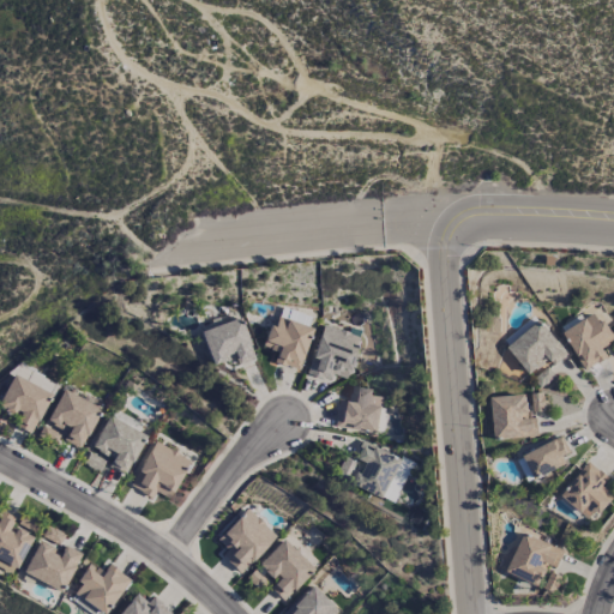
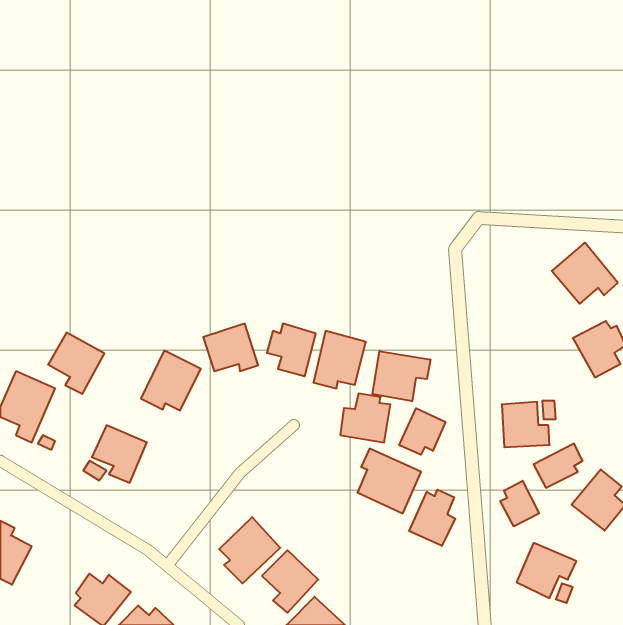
building: [505,313,570,373] -> [552,243,618,304]
building: none -> [372,351,430,401]
building: [47,387,102,447] -> [48,333,104,394]
building: none -> [399,408,445,455]
building: [132,439,191,498] -> [141,351,201,411]
building: none -> [500,481,539,526]
building: none -> [409,490,455,546]
building: [24,540,82,590] -> none

